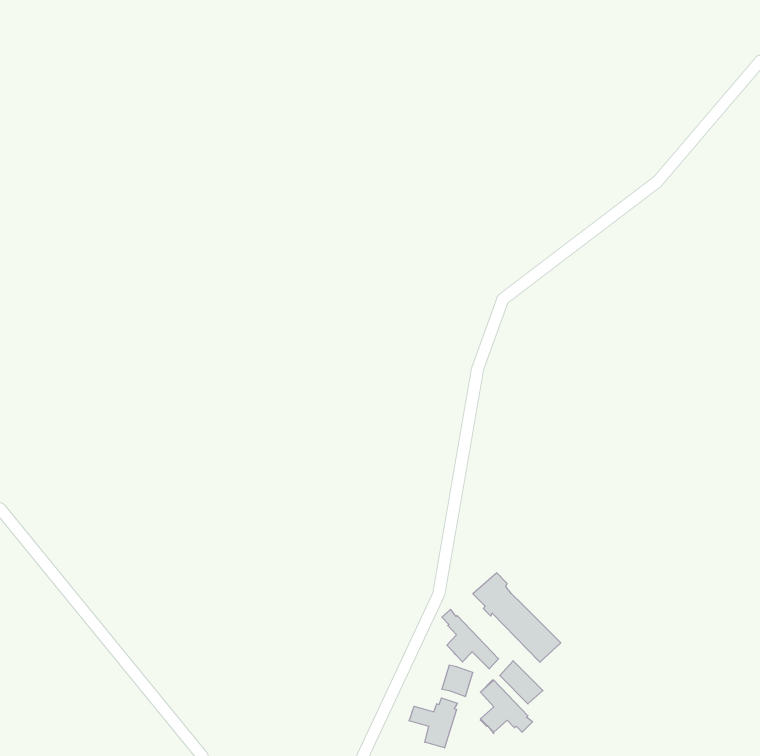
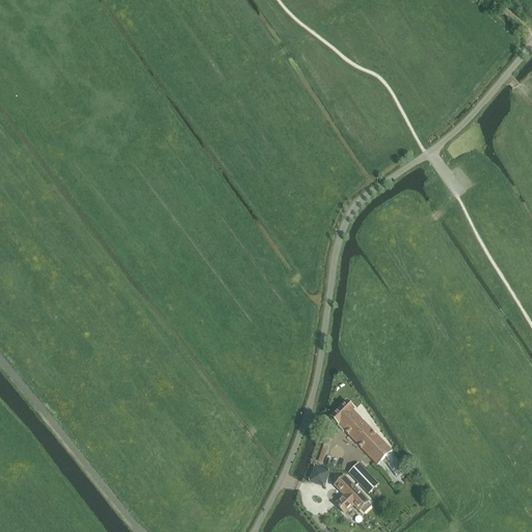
building: [442,609,499,669] -> none
building: [409,698,457,748] -> none

